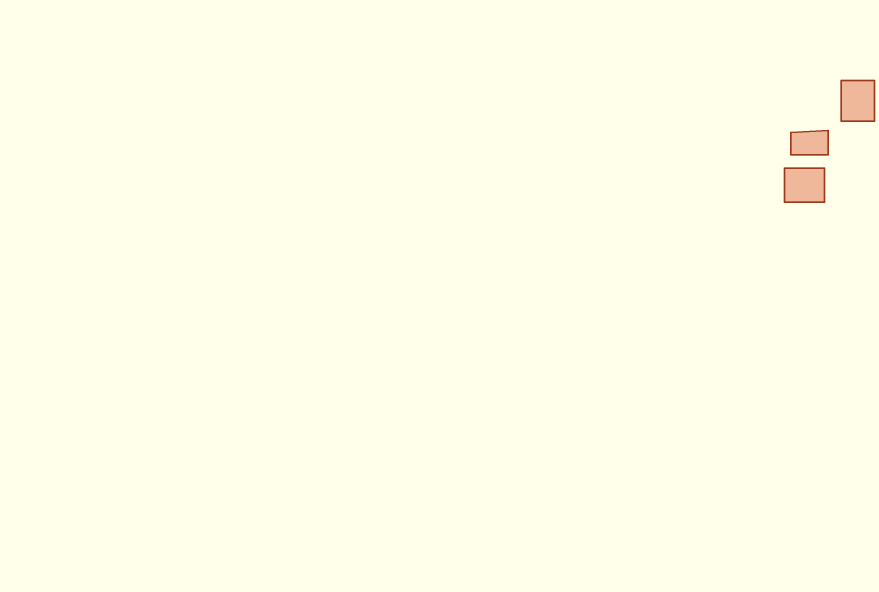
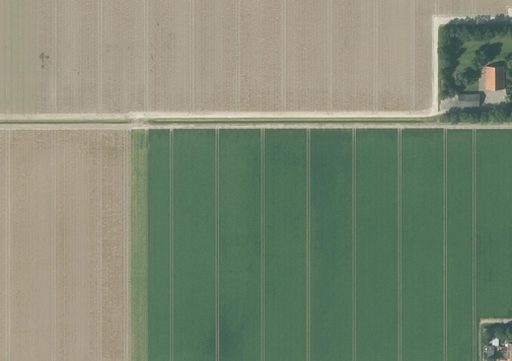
building: [784,168,825,202] -> none

